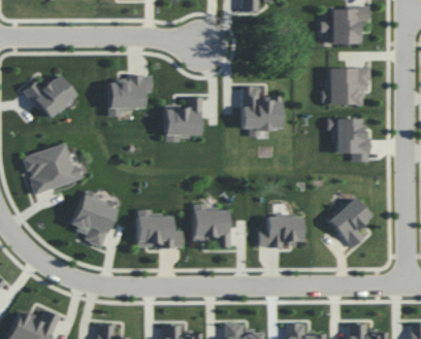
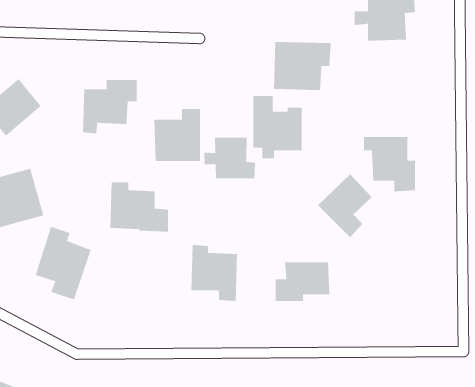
building: [325,67,370,105] -> [273,42,331,90]
building: none -> [204,137,256,179]
building: [328,197,371,247] -> [317,174,372,238]
building: [136,209,183,248] -> [109,182,169,232]

